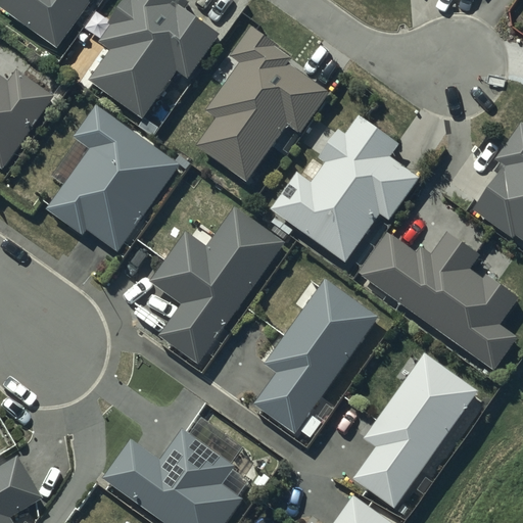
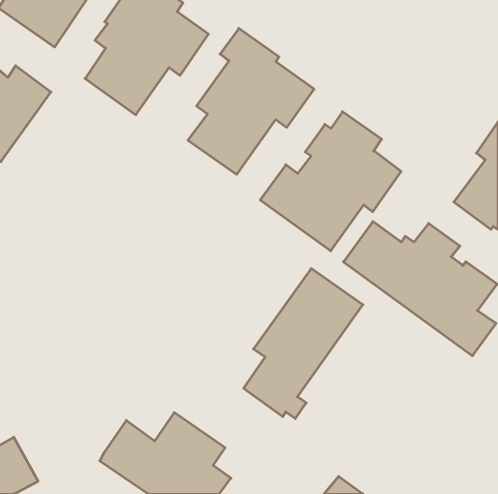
building: [46,104,181,252] -> none
building: [150,209,283,364] -> none
building: [353,355,477,508] -> none

